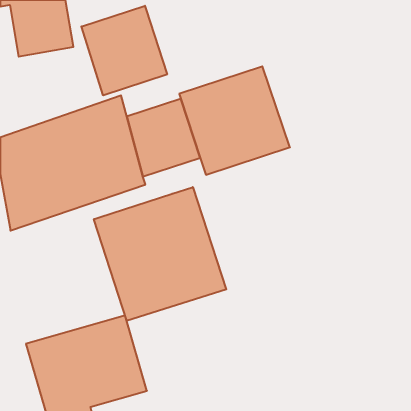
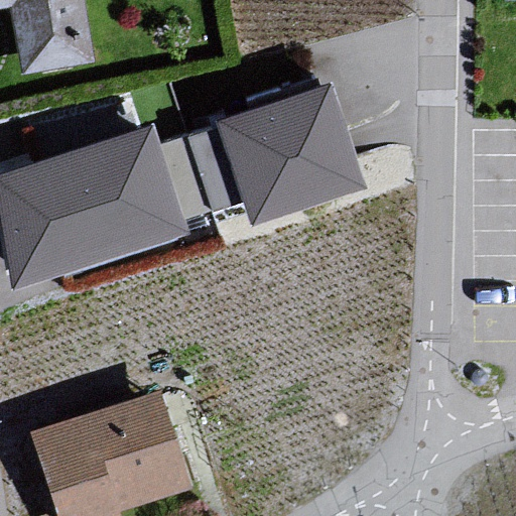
building: [81,6,167,95] -> none
building: [94,187,226,321] -> none

